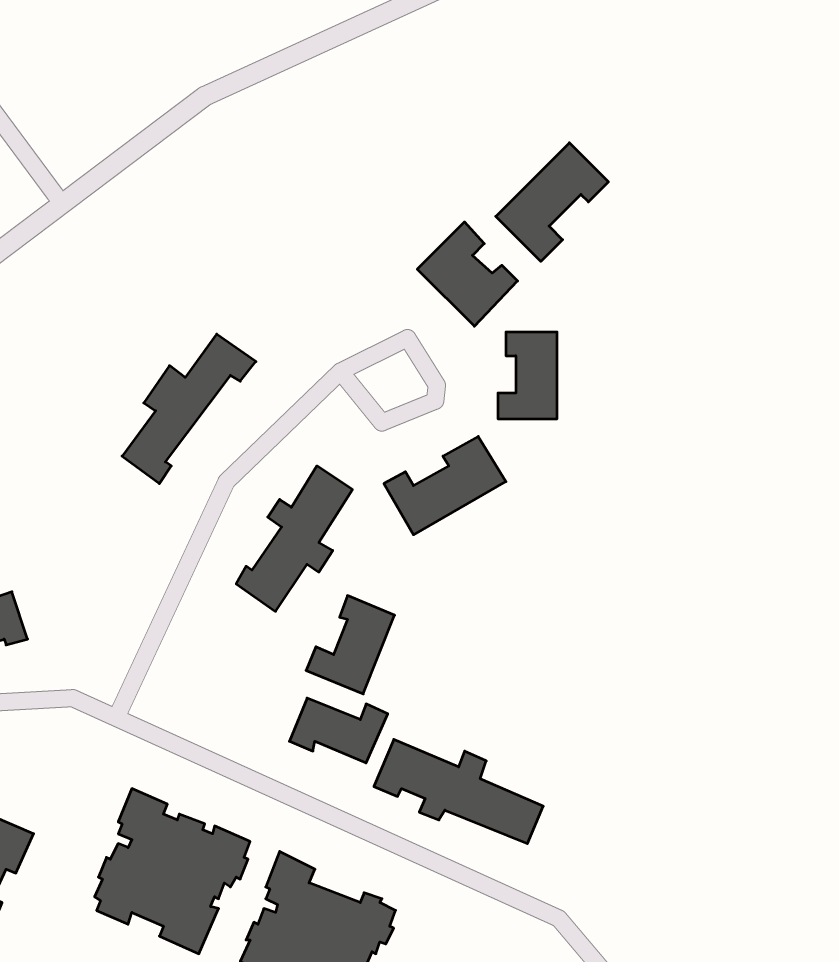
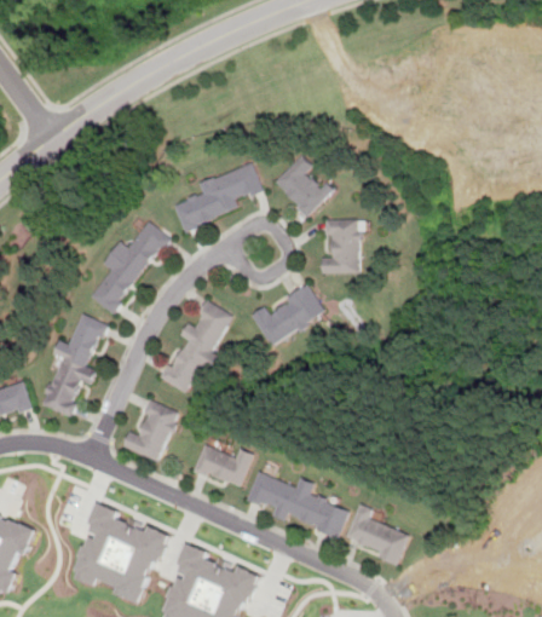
building: [496,143,608,261] -> none
building: none -> [175,162,264,232]
building: none -> [41,315,108,416]
building: [306,596,395,694] -> [123,399,178,460]
building: none -> [347,504,409,564]

